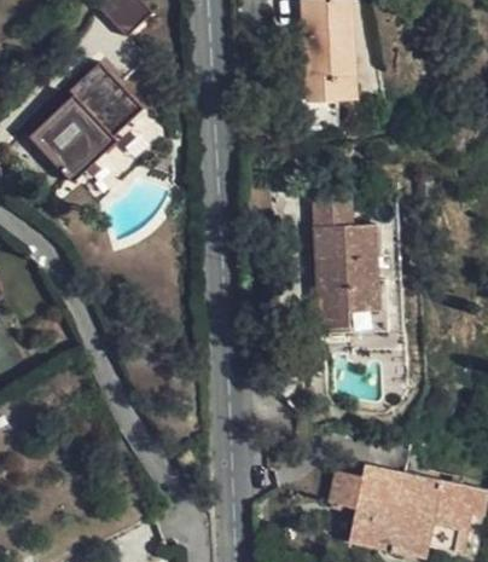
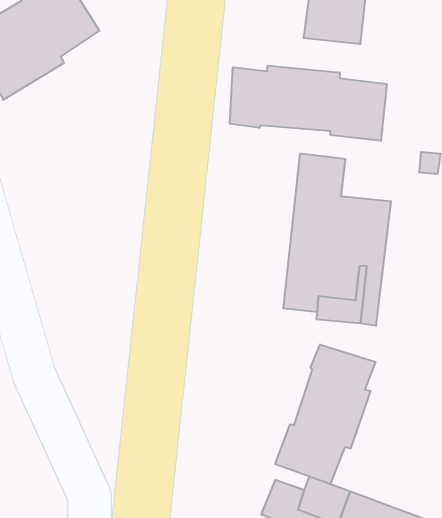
building: none -> [230,66,387,141]
building: none -> [275,344,375,484]

